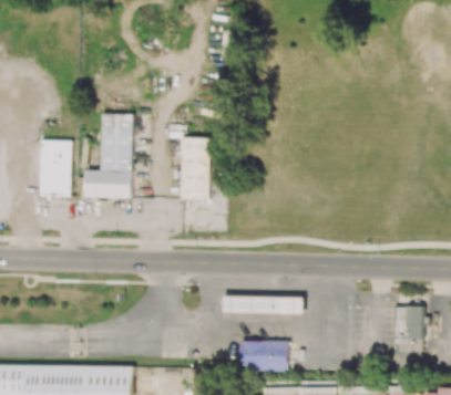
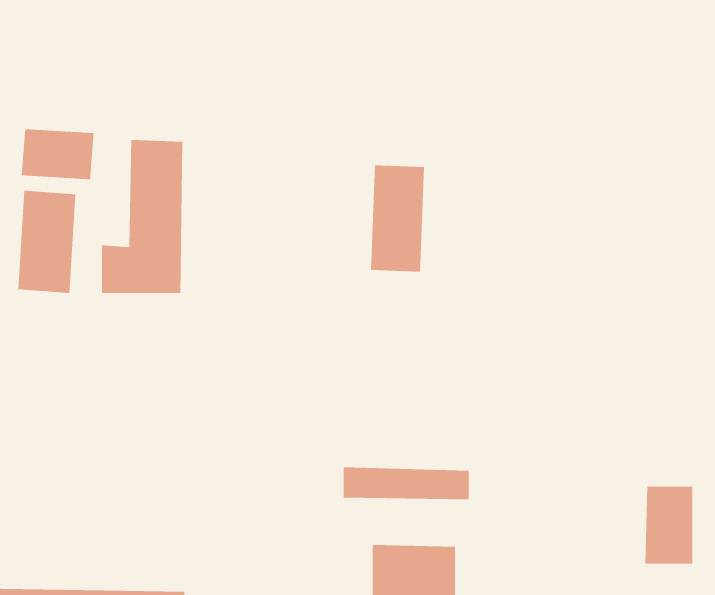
building: none -> [21,128,94,180]
building: [180,138,211,199] -> [370,165,425,272]

